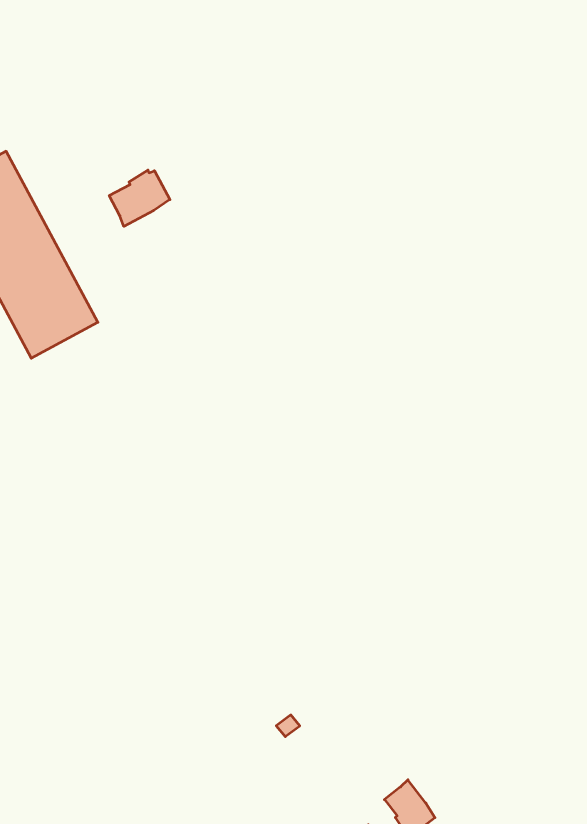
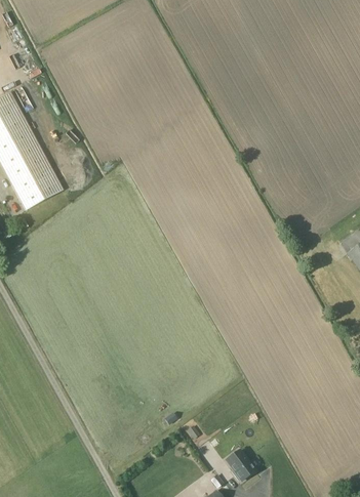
building: [109,170,170,226] -> none

